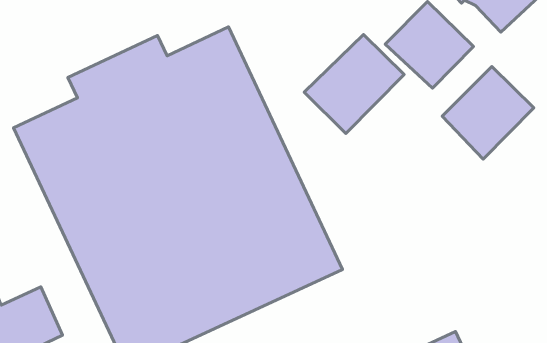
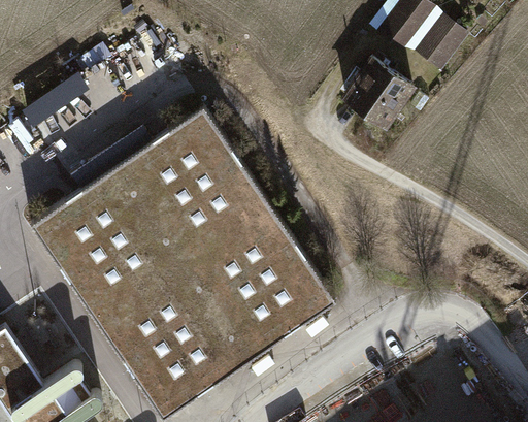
building: [304,34,404,133] -> none
building: [442,66,534,159] -> none

